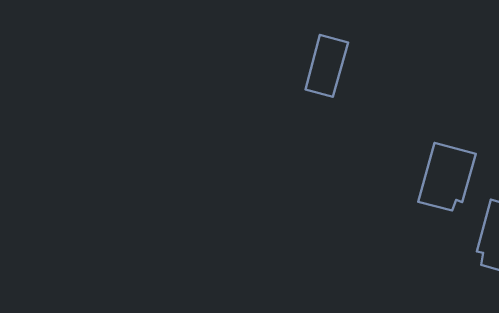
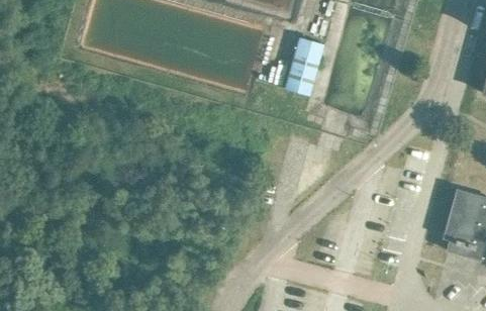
building: [418,143,476,211] -> none

